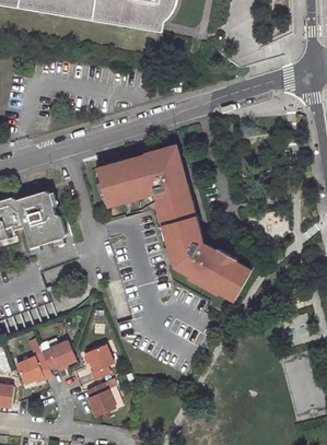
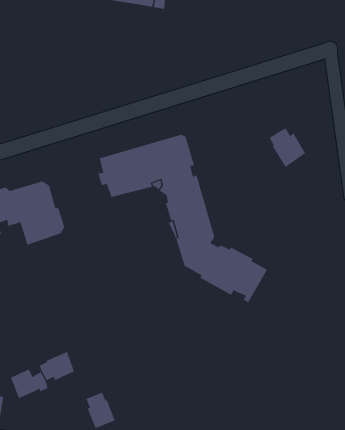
building: none -> [269,127,306,168]
building: [84,346,110,382] -> none

